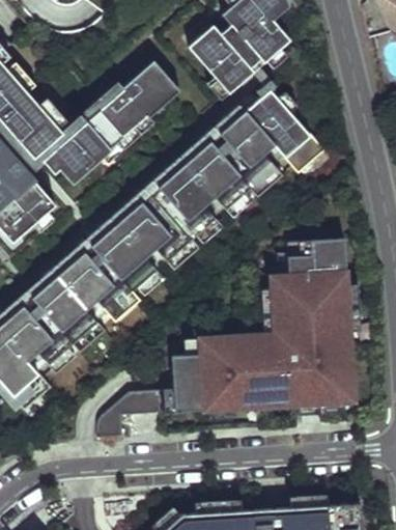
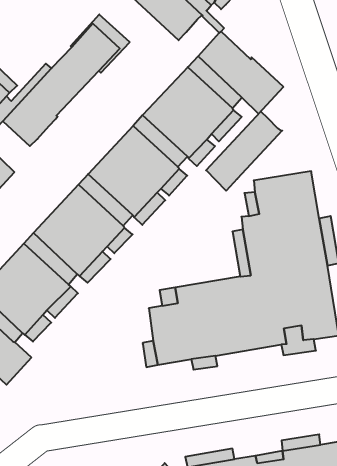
building: none -> [206,112,282,191]
building: [95,386,160,433] -> none

